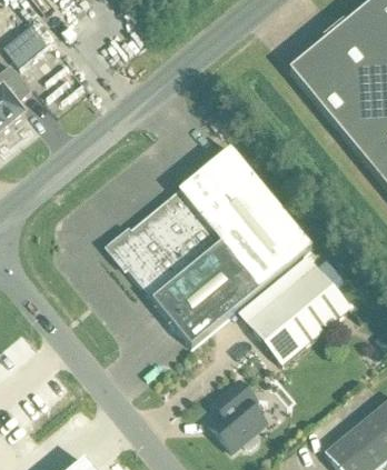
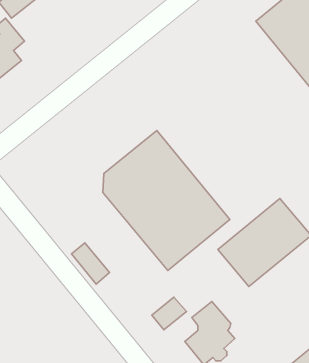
building: [180,146,314,288] -> none
building: none -> [72,243,109,284]
building: none -> [152,297,186,330]

